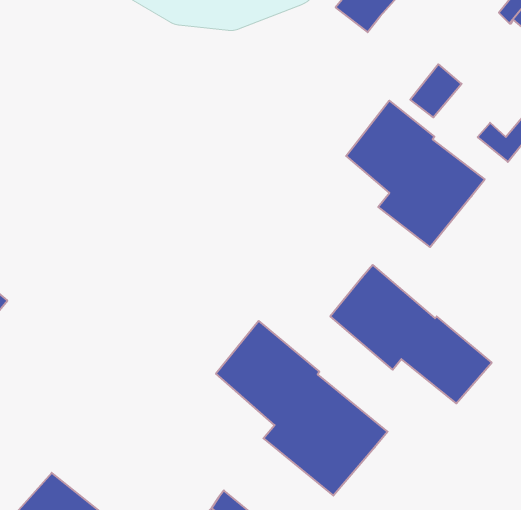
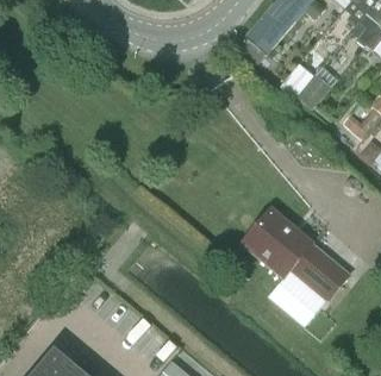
building: [346,101,485,247] -> none
building: [216,321,388,496] -> none

